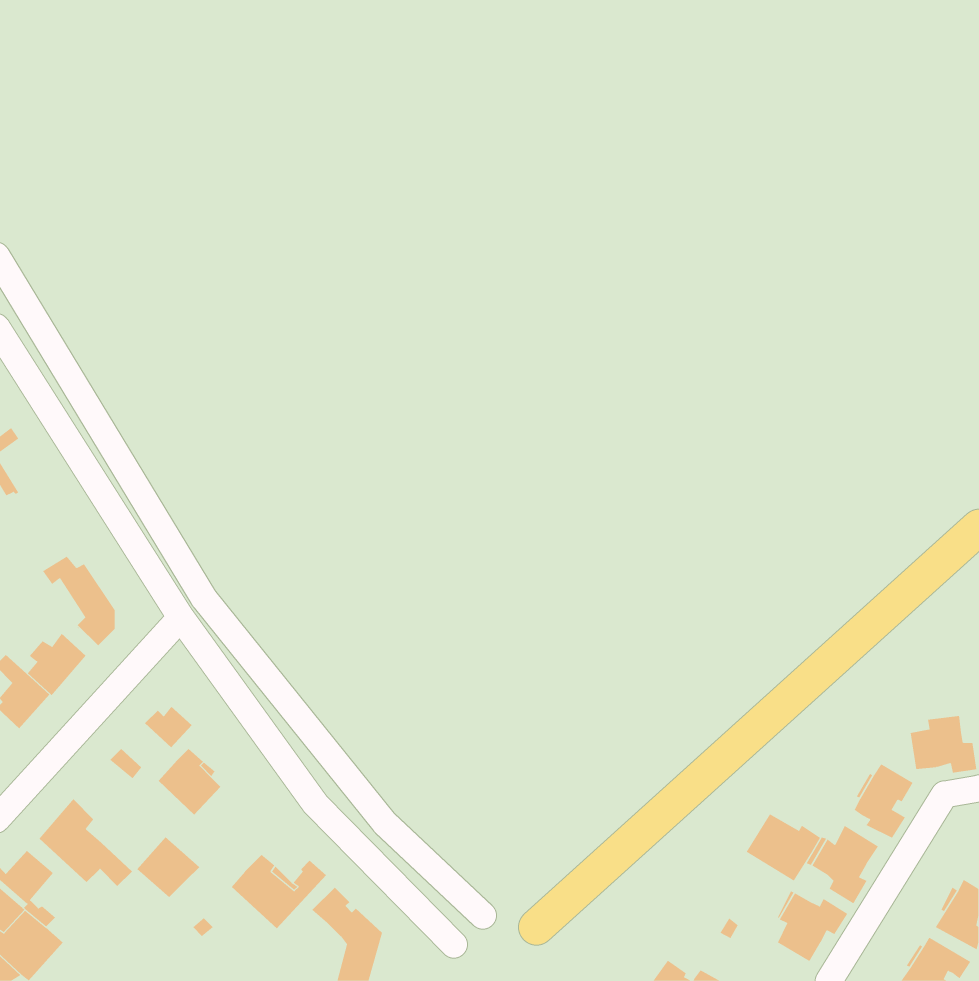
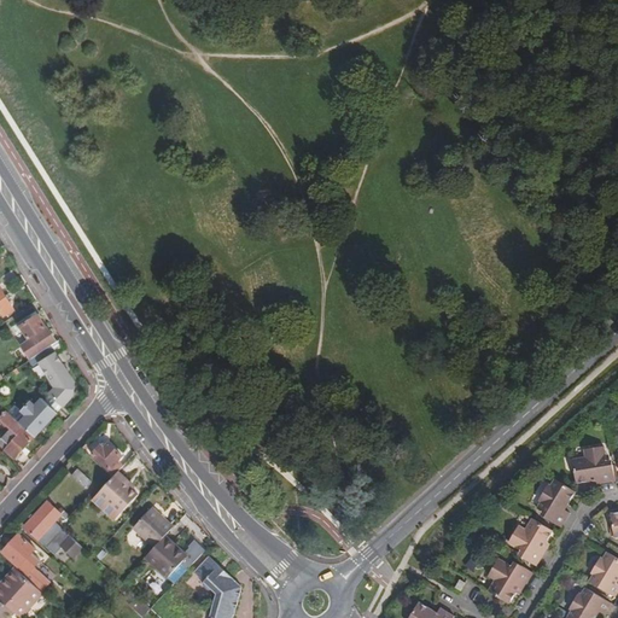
building: none -> [14,313,53,358]
building: [746,814,821,881] -> none
building: [137,836,200,898] -> [133,508,173,547]

